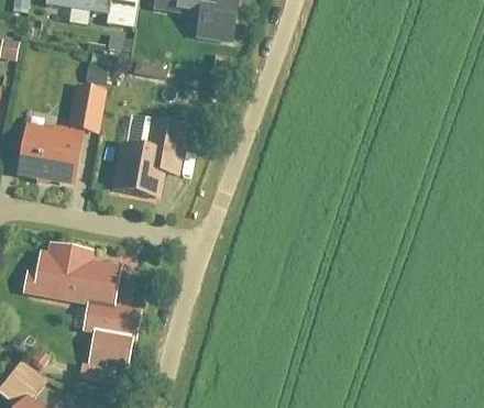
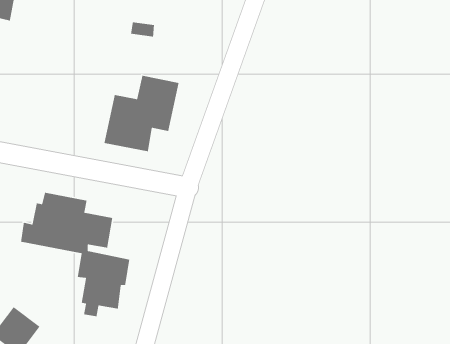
building: [67,80,107,132] -> none
building: [15,124,84,185] -> none

